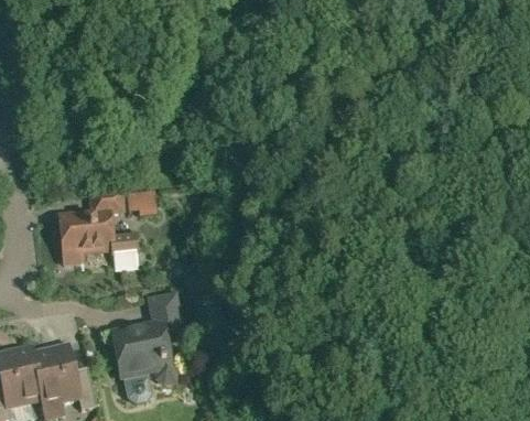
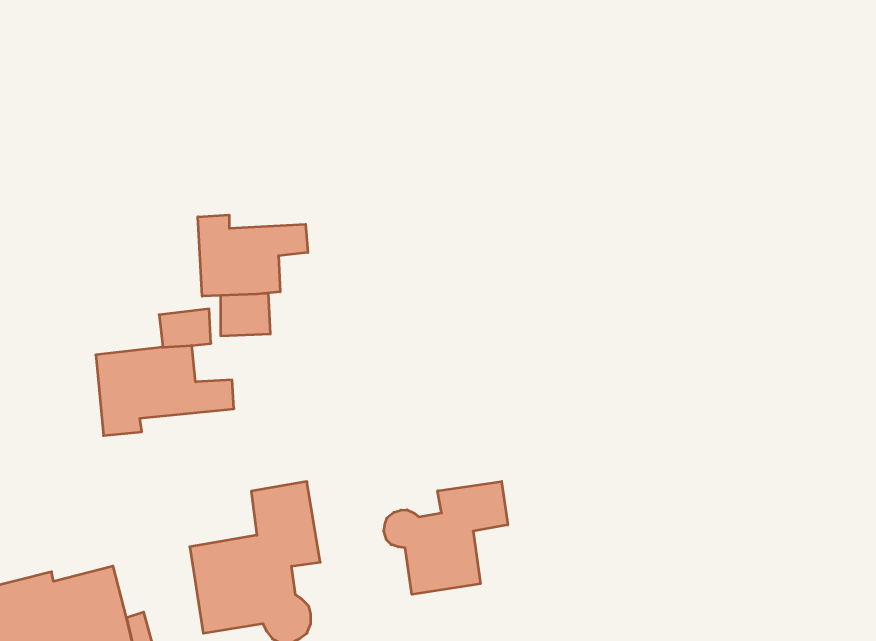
building: none -> [198,215,308,296]
building: none -> [384,481,508,594]

